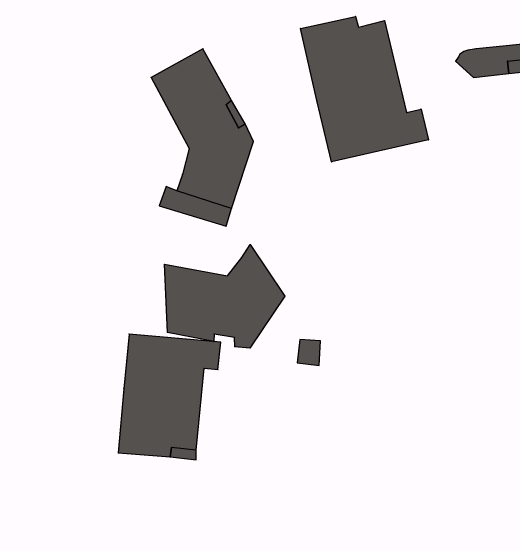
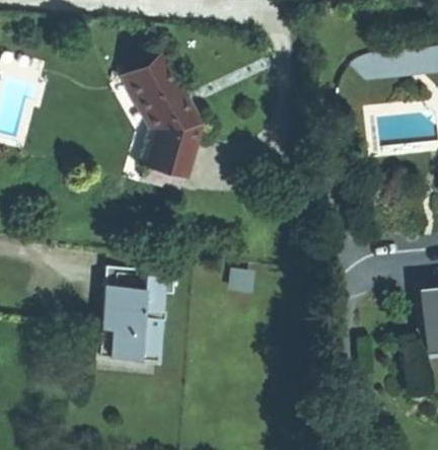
building: [301,16,428,162] -> none
building: [164,245,285,348] -> none

